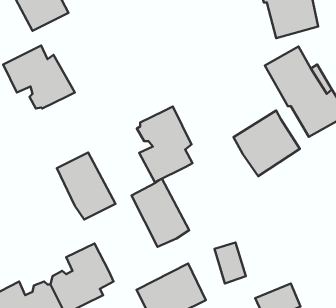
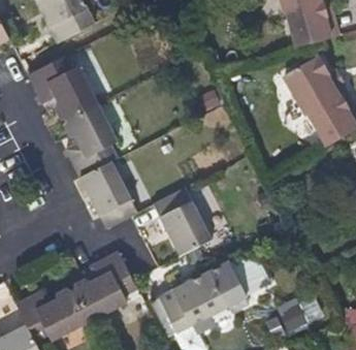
building: [137,107,193,182] -> [63,103,118,178]
building: [234,110,300,176] -> none

